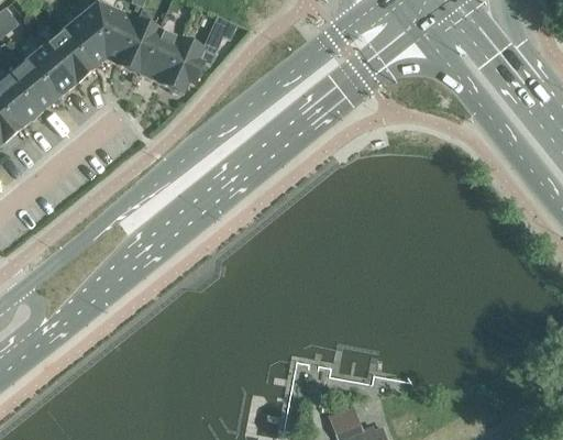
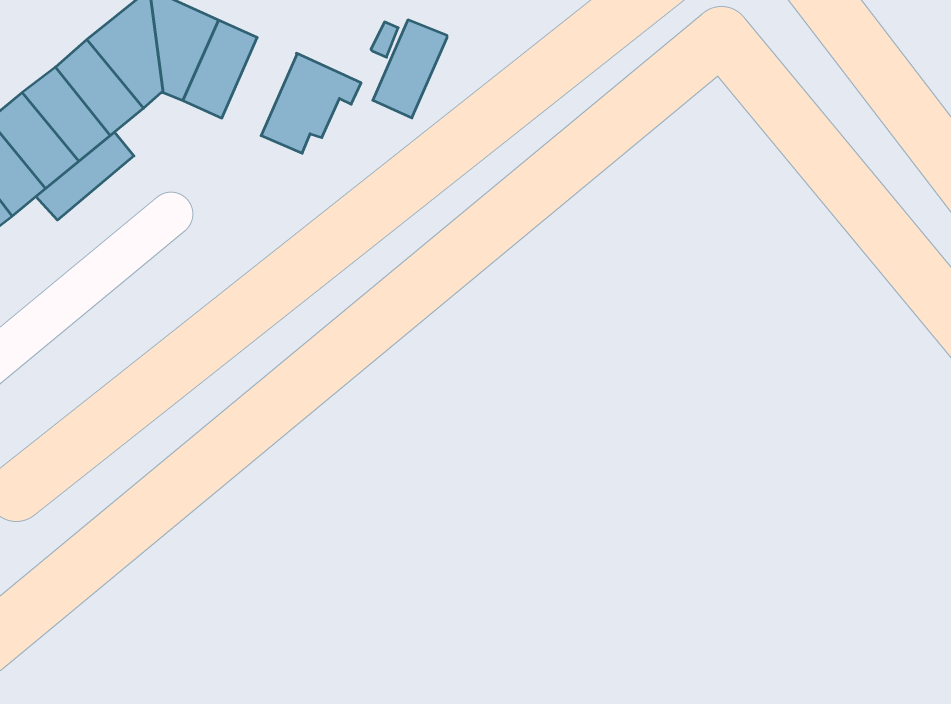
building: [136,29,178,84] -> [373,20,447,118]
building: none -> [36,132,134,220]

